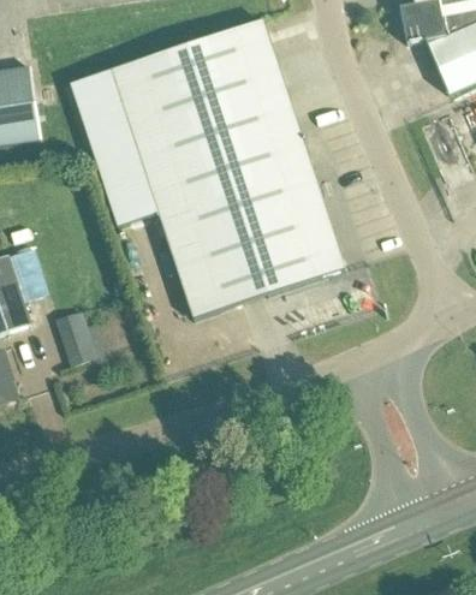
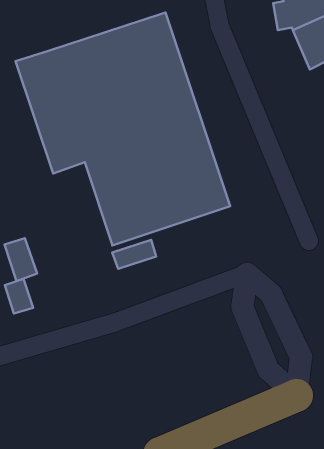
building: none -> [112,240,156,269]
building: none -> [5,279,33,314]

